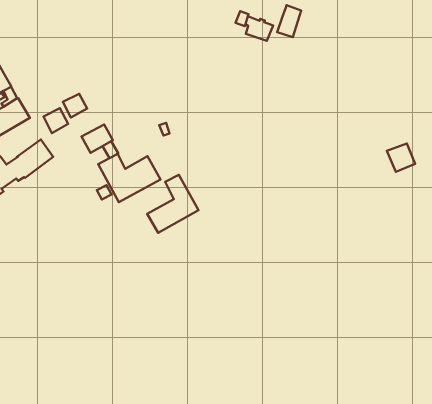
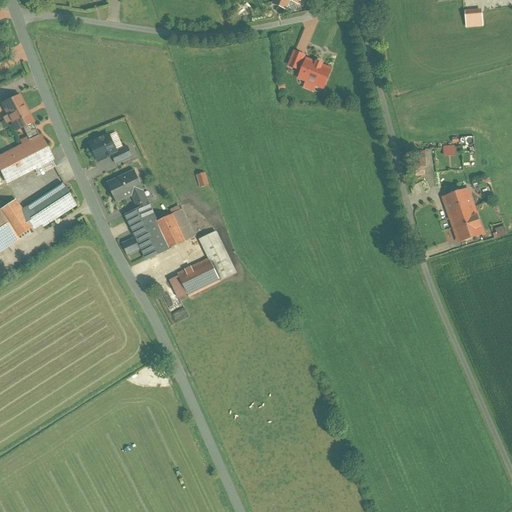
building: [277,5,301,37] -> none
building: [44,108,68,133] -> none
building: none -> [443,188,473,216]

